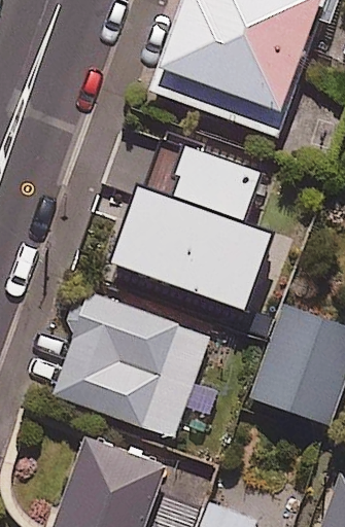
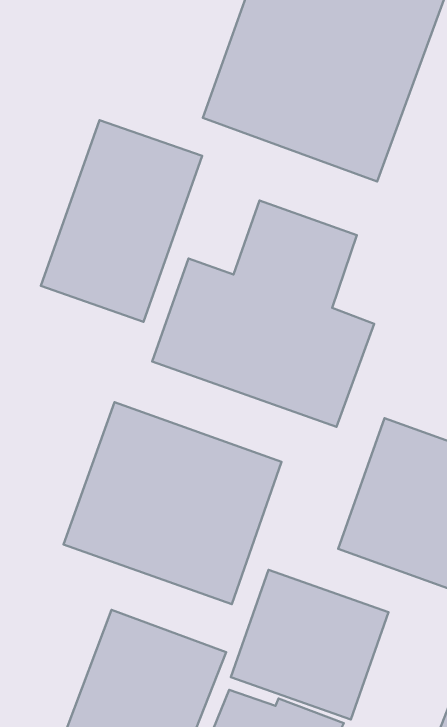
building: none -> [41,120,202,322]
building: none -> [231,570,388,720]

